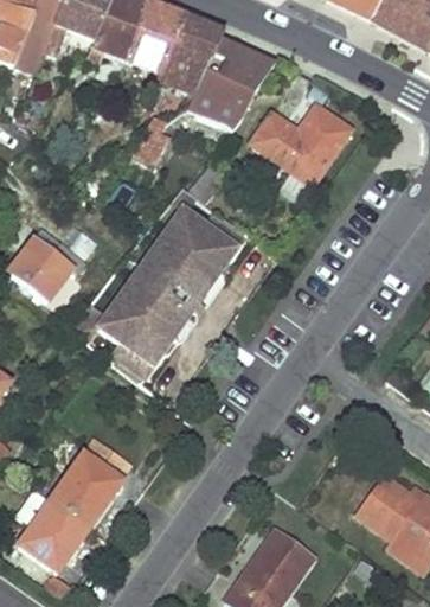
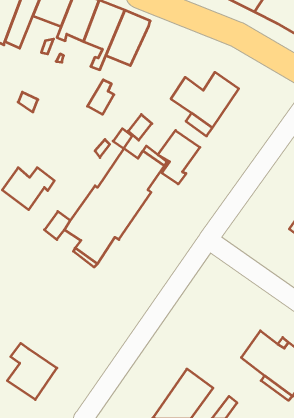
building: [187,38,275,128] -> none
building: none -> [158,130,200,184]
building: [49,437,129,528] -> none

